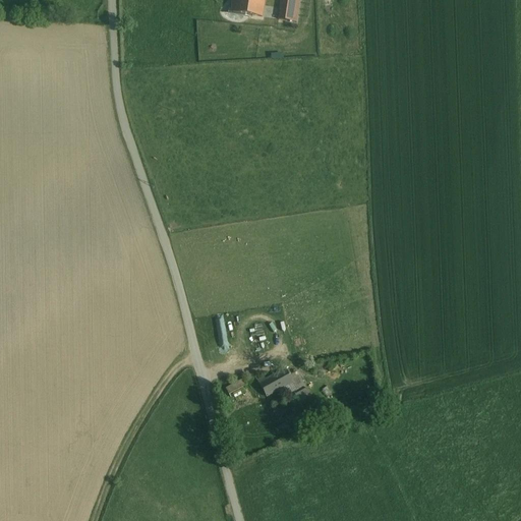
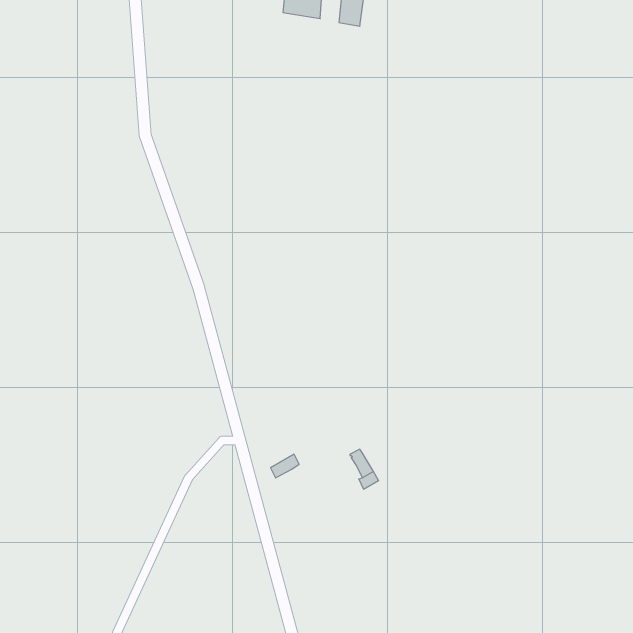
building: [256,368,292,396] -> none

